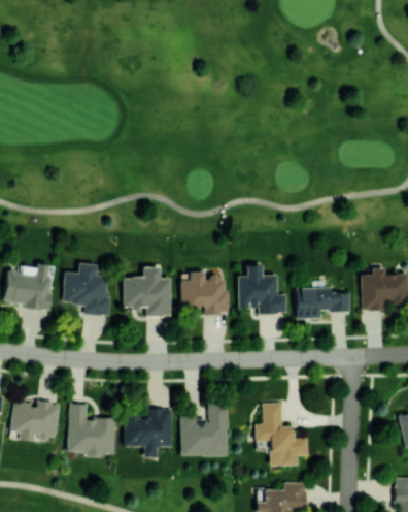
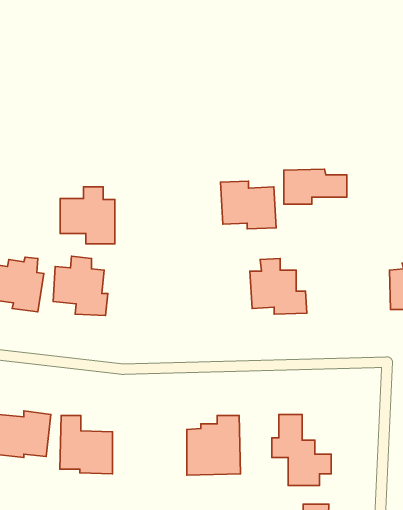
building: [122,266,170,317] -> [60,187,115,244]
building: [179,271,229,314] -> [220,181,276,229]
building: [295,287,350,318] -> [284,169,347,204]
building: [124,408,172,457] -> none

